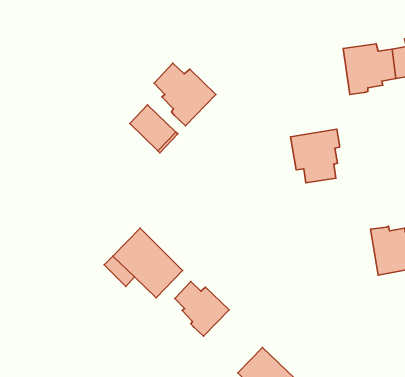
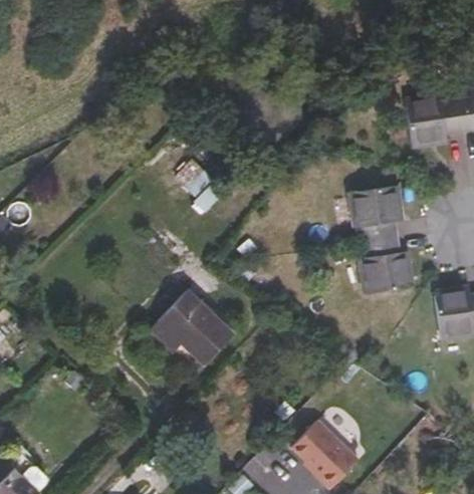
building: [154,63,216,126] -> none
building: none -> [360,238,414,294]
building: [175,281,229,336] -> none

